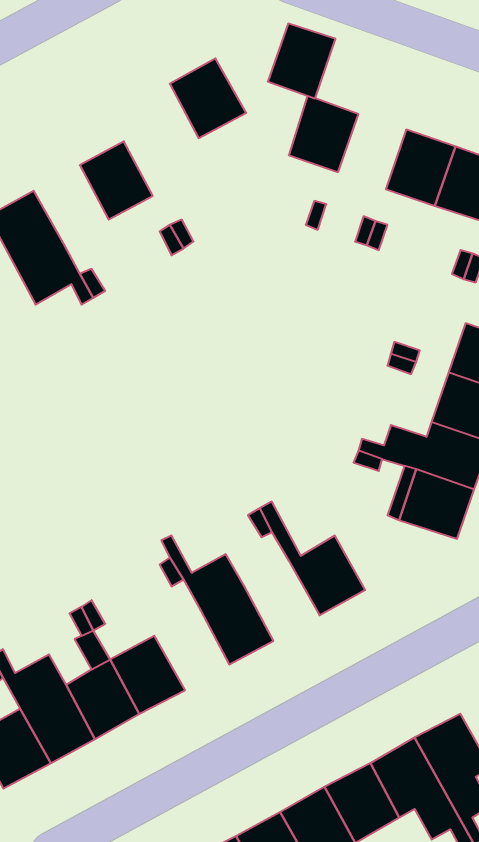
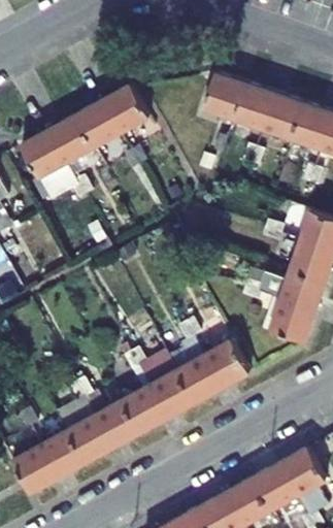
building: [268,24,336,98] -> [232,84,273,129]
building: [170,58,246,138] -> [102,85,148,133]
building: none -> [47,114,93,163]
building: none -> [175,355,221,403]
building: none -> [121,385,166,433]

